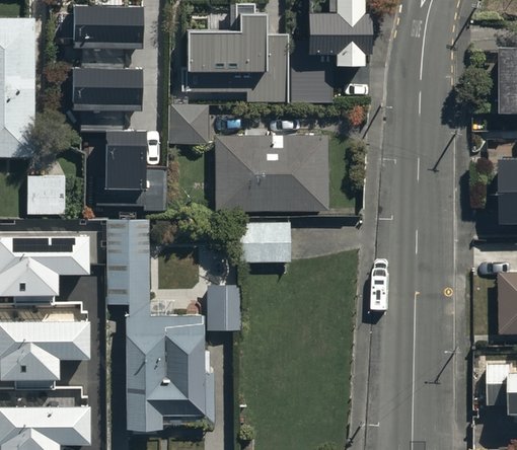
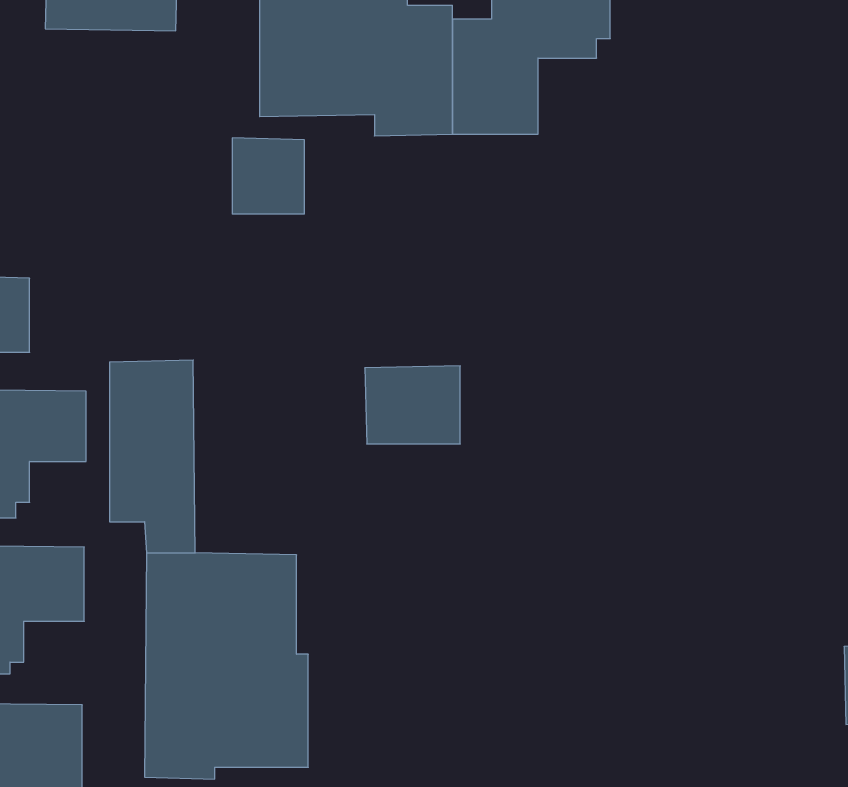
building: [71,67,141,110] -> none
building: [104,129,145,188] -> none
building: [214,135,328,211] -> none
building: [207,287,240,331] -> none

